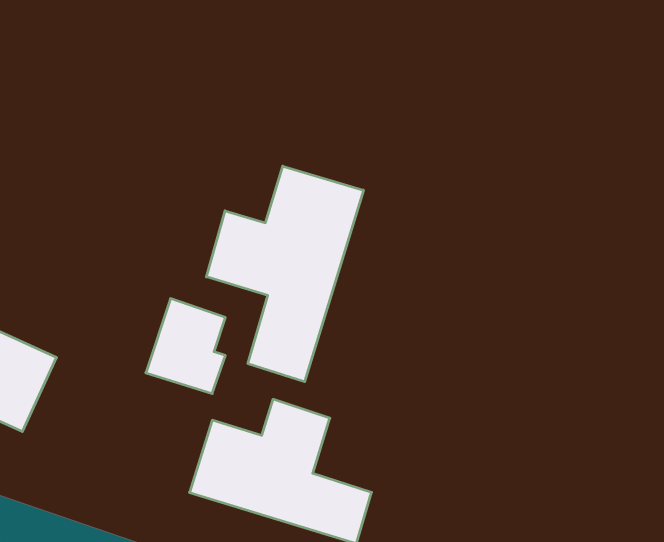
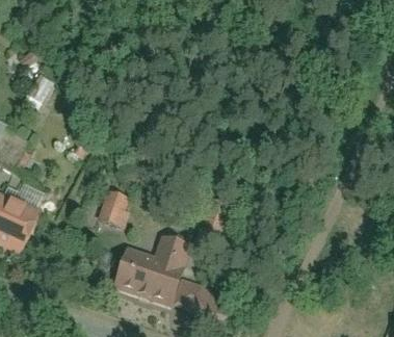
building: [206,166,363,382] -> none

